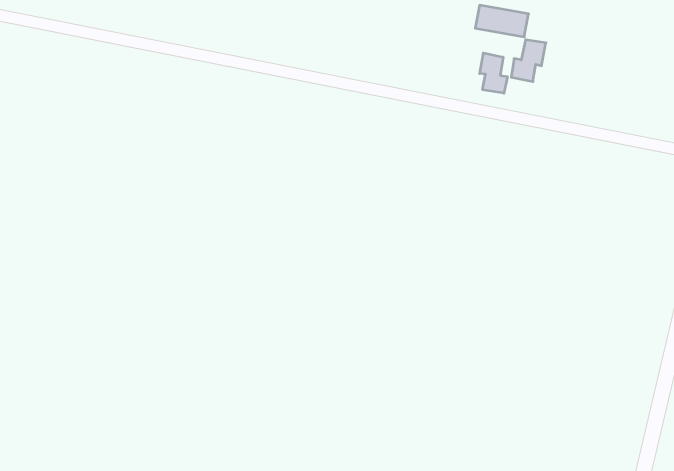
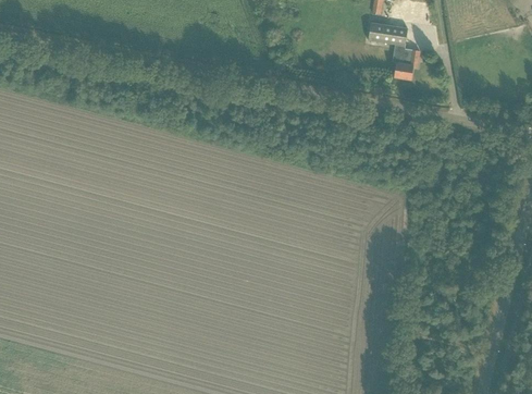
building: [480,53,507,93] -> none

